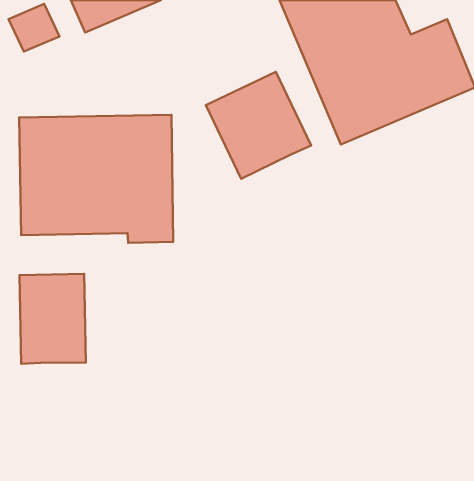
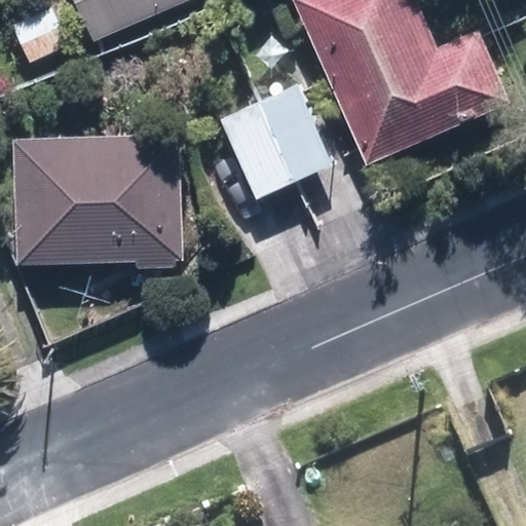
building: [20,274,86,364] -> none

